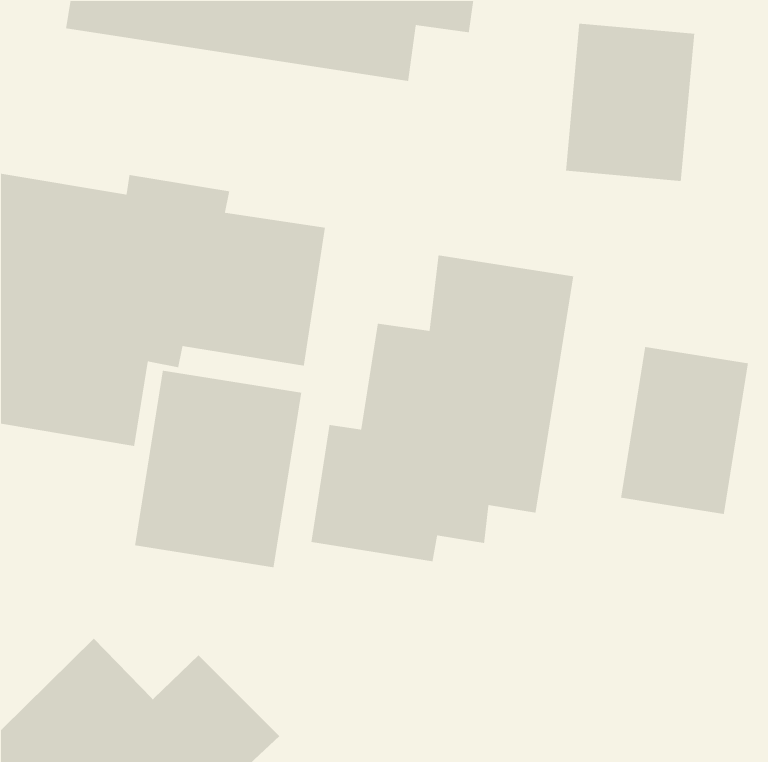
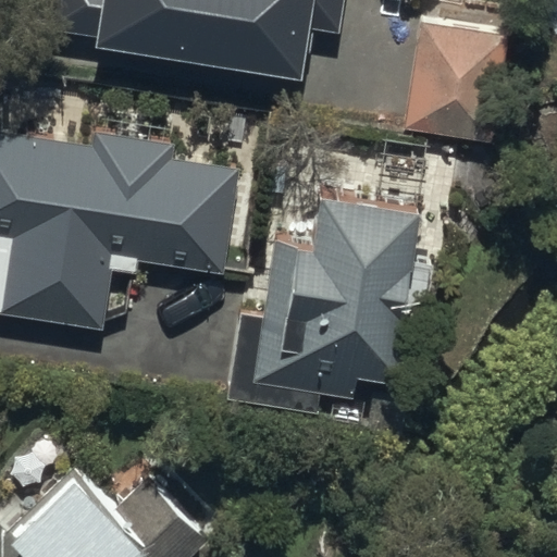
building: [620,346,749,515] -> none
building: [134,370,302,568] -> none

